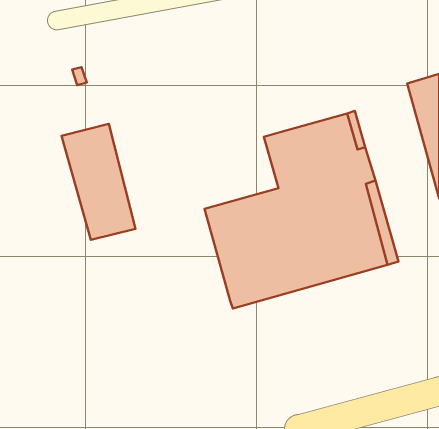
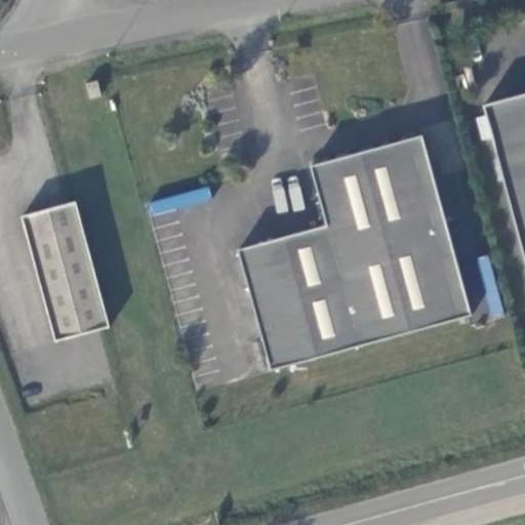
building: [62,124,136,240] -> [16,197,105,335]

